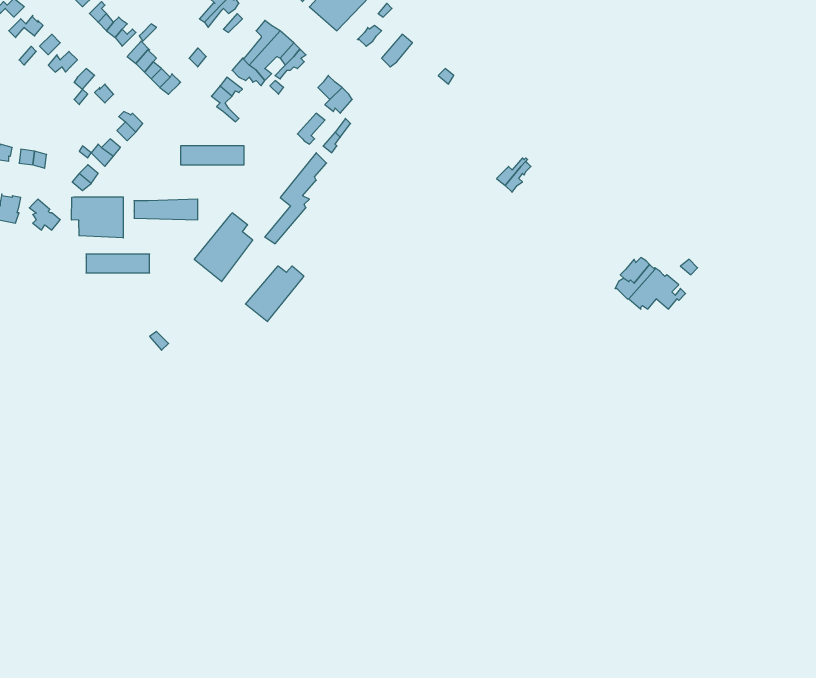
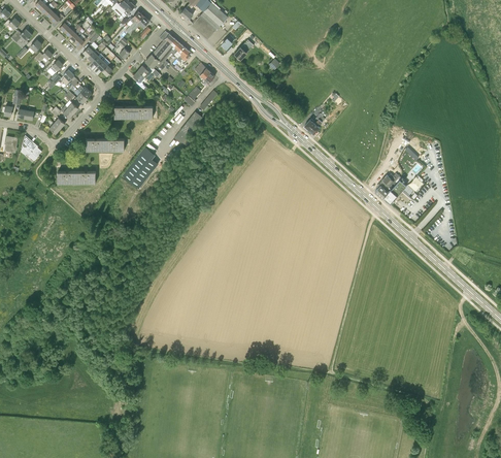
building: [72,197,123,238] -> none
building: [245,266,304,322] -> none

